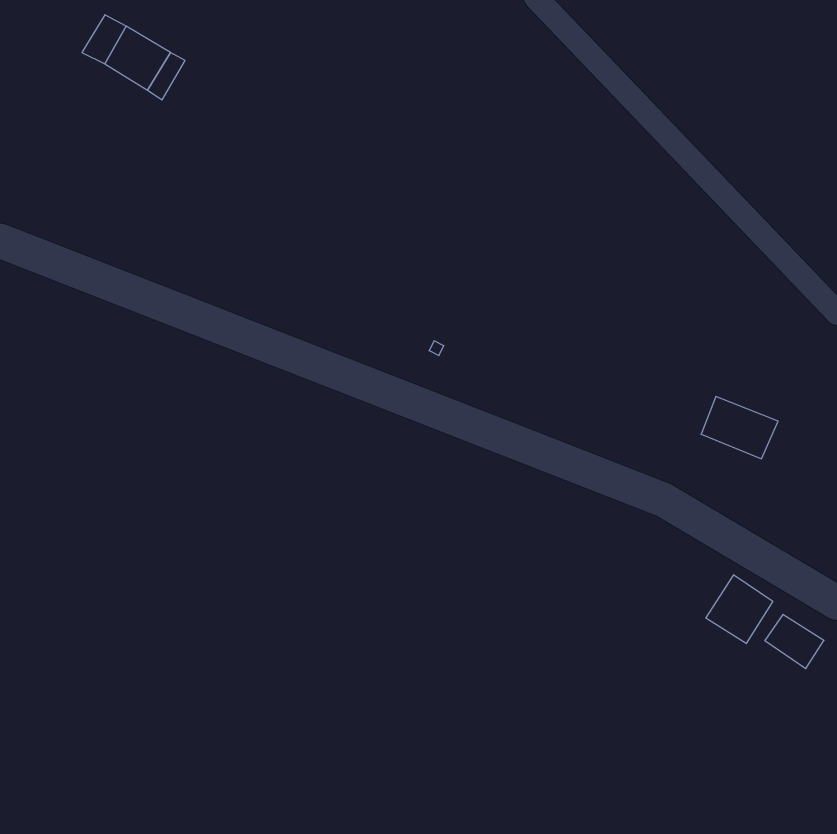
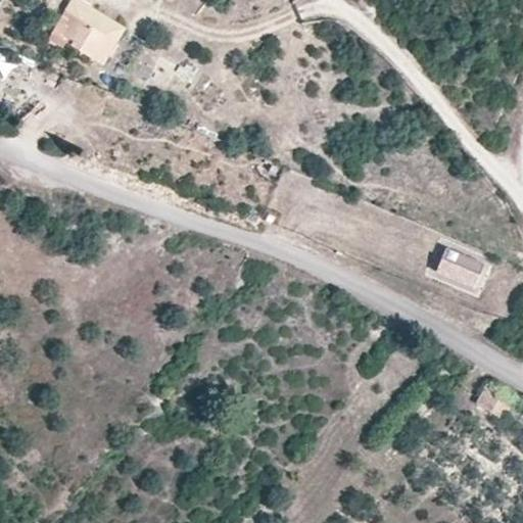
building: [706,575,773,644] -> none

